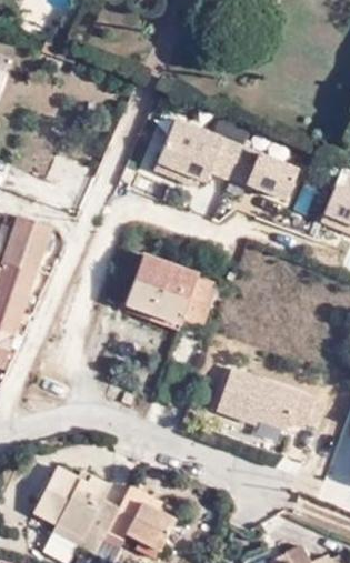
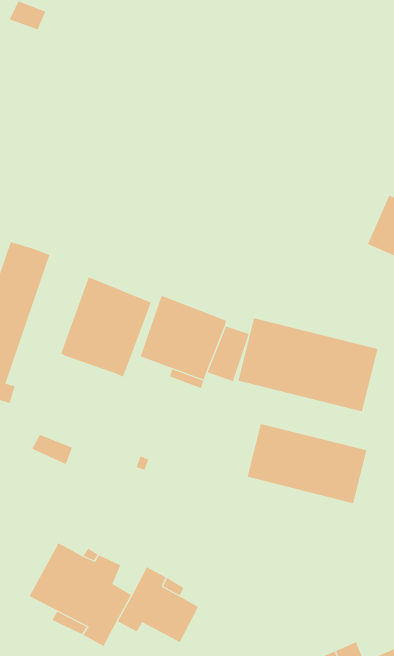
building: [139,110,298,203] -> none
building: none -> [60,277,152,377]
building: none -> [238,317,378,412]

